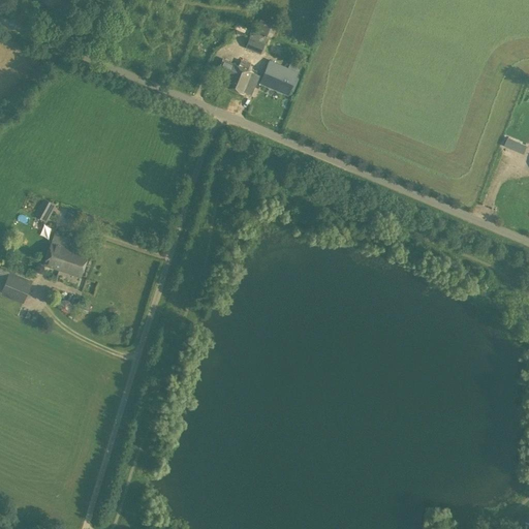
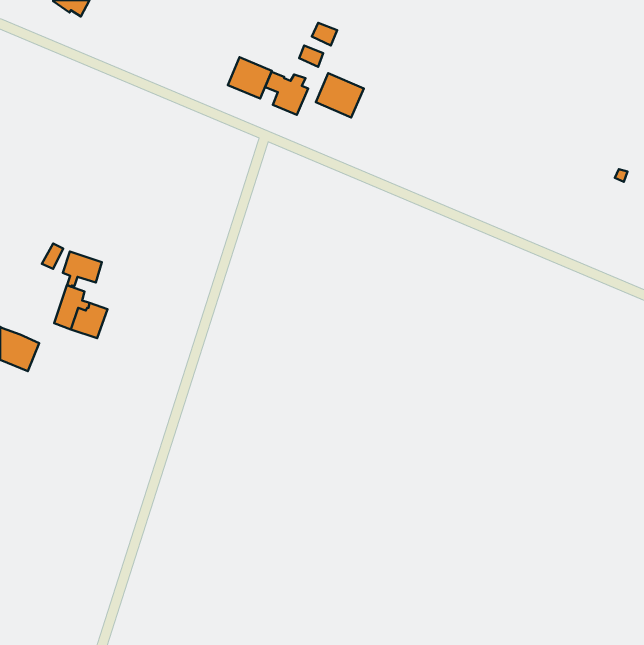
building: none -> [228,57,272,99]
building: none -> [63,251,102,287]

